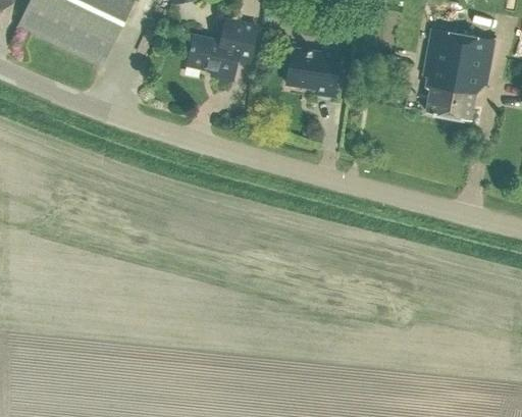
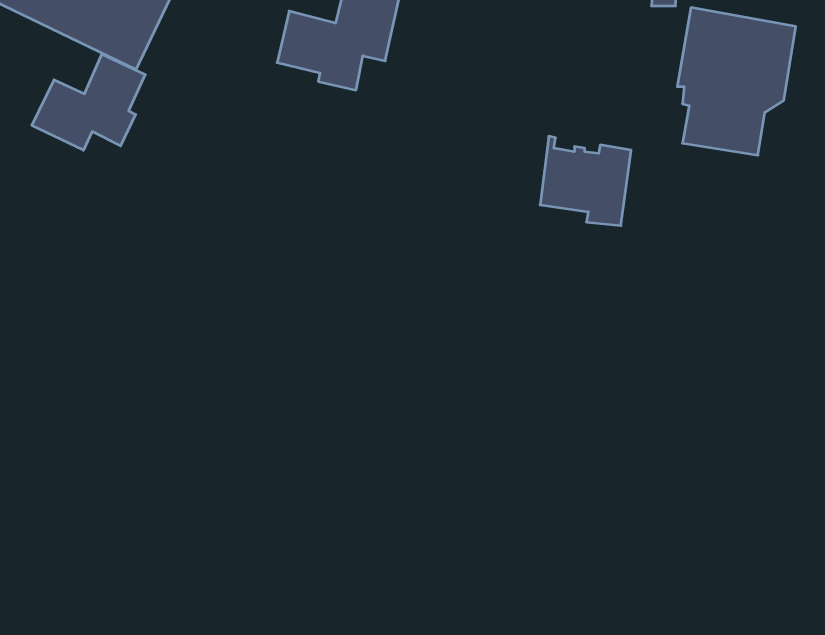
building: [286,42,341,95] -> [540,136,631,226]
building: none -> [32,54,145,150]

